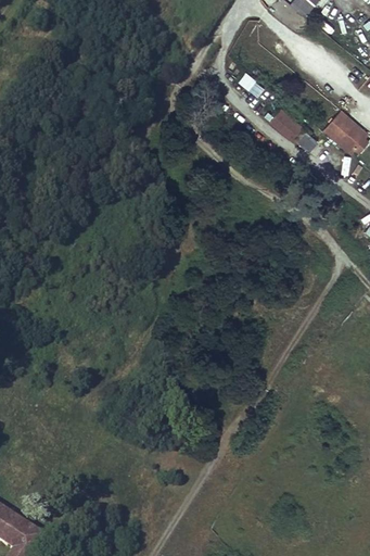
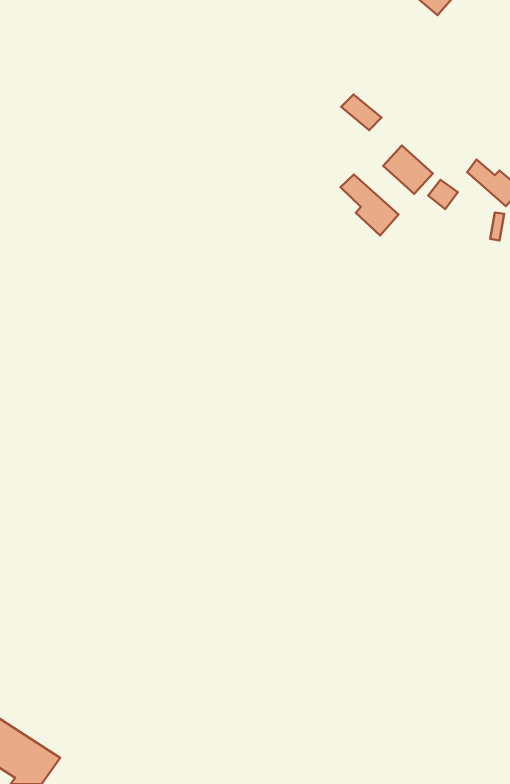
building: none -> [340,174,399,235]

